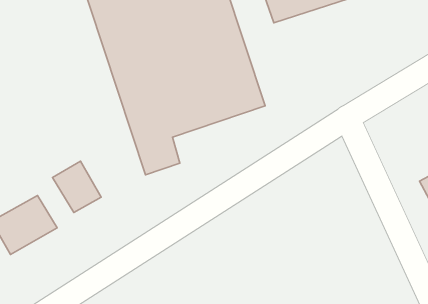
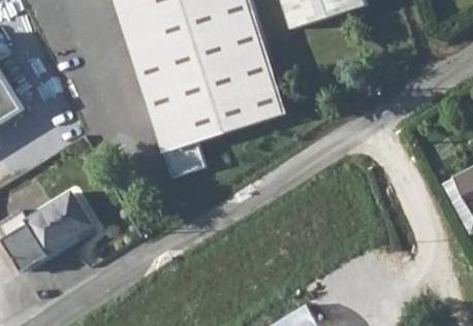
building: [53,161,101,212] -> none

